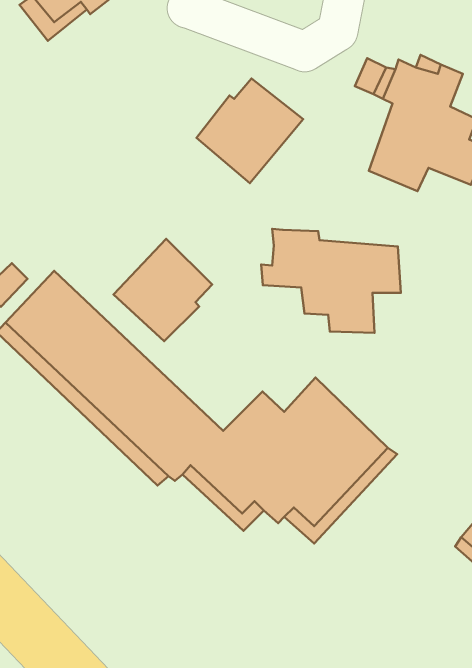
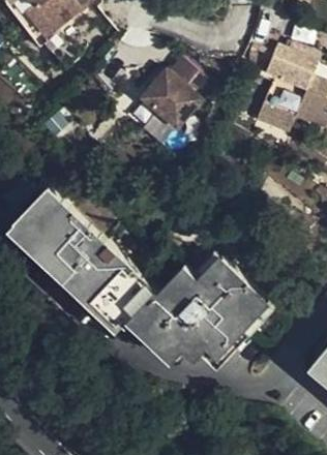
building: [261,229,401,333] -> none
building: [114,239,212,341] -> none

